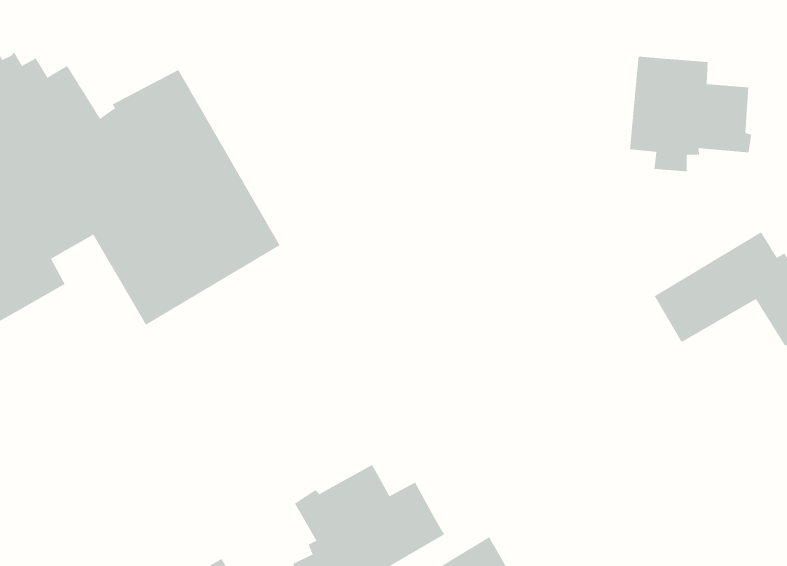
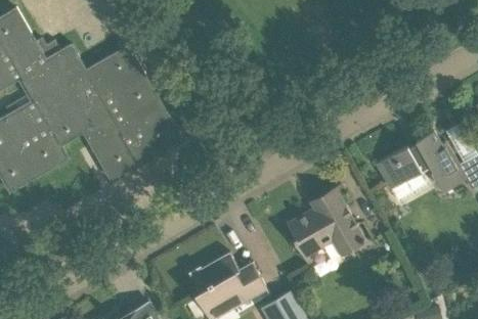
building: [629,56,752,172] -> none
building: none -> [286,188,365,258]

